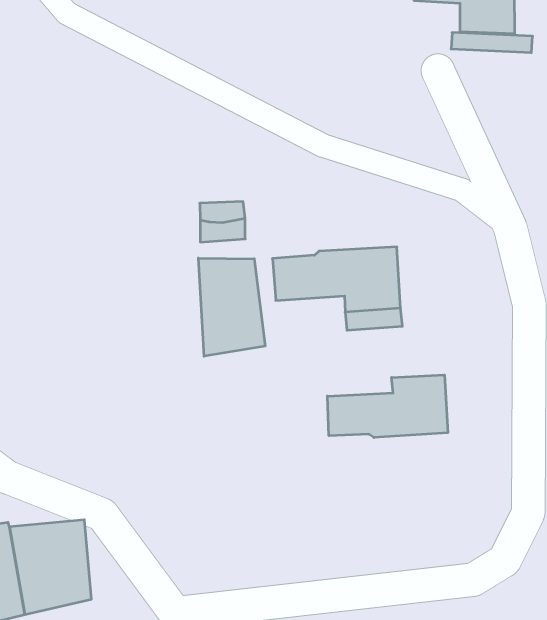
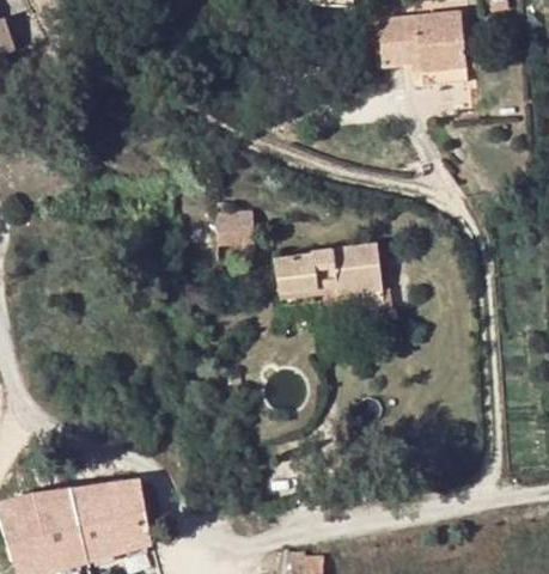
building: [198,258,265,356] -> none
building: [327,375,448,438] -> none

